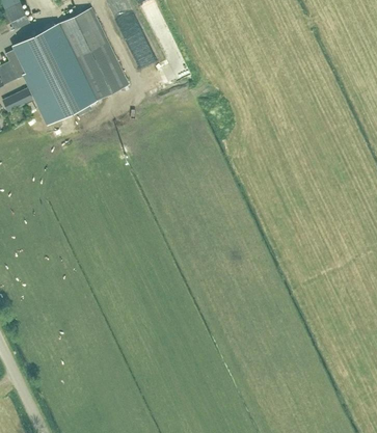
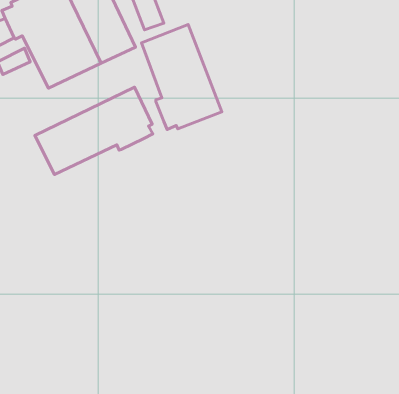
building: none -> [141,25,222,129]
building: none -> [35,87,153,175]

